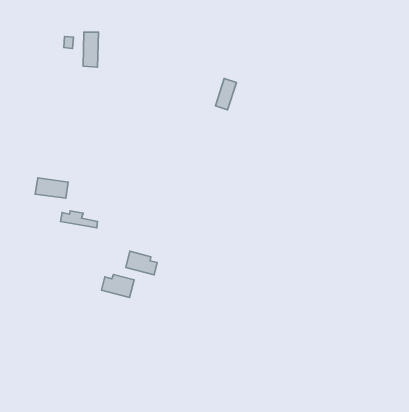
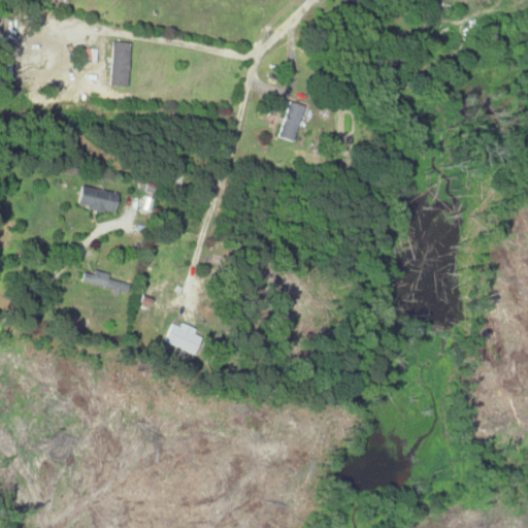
building: [35,178,68,198] -> [76,187,119,212]
building: [102,275,134,297] -> none

